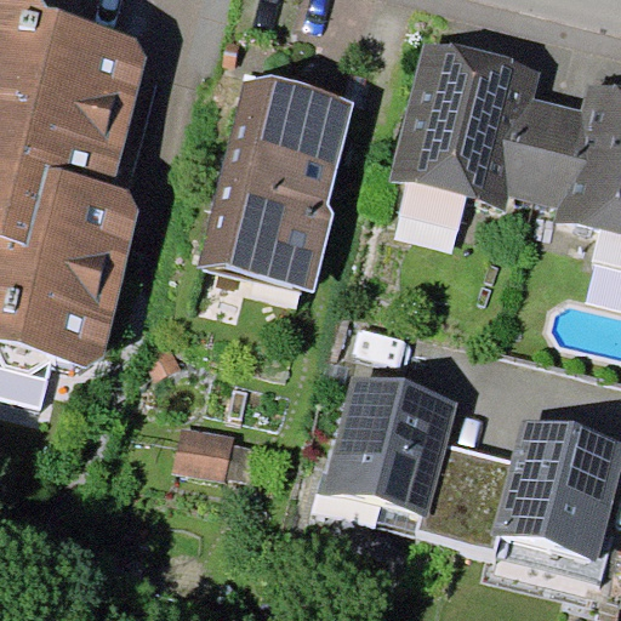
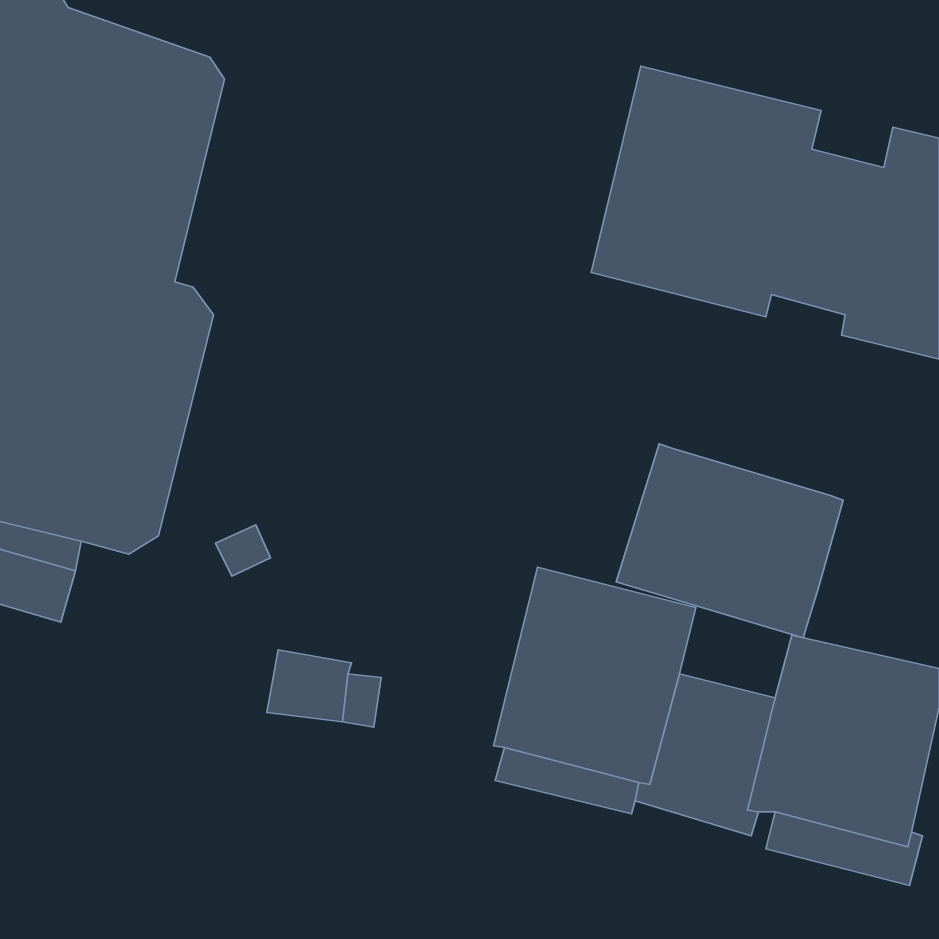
building: [196,73,353,290] -> none
building: none -> [616,444,843,638]

